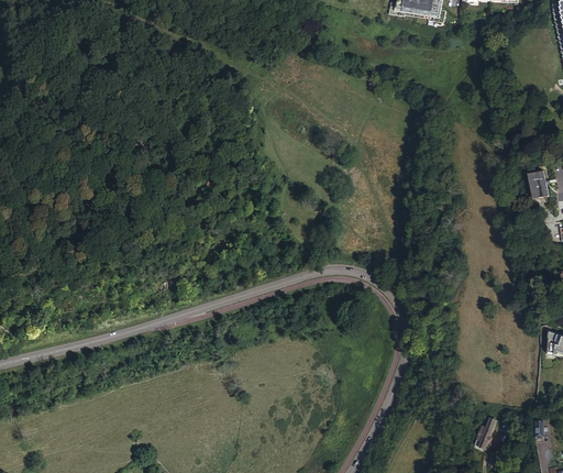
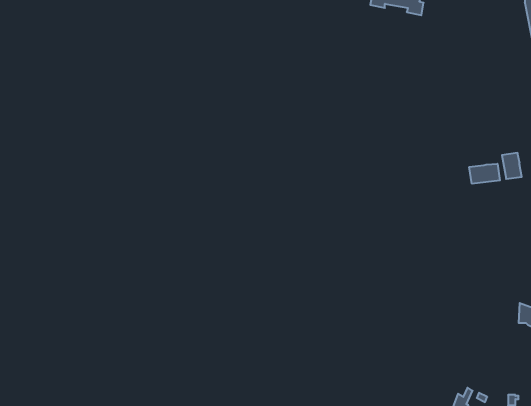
building: none -> [469,164,500,184]

